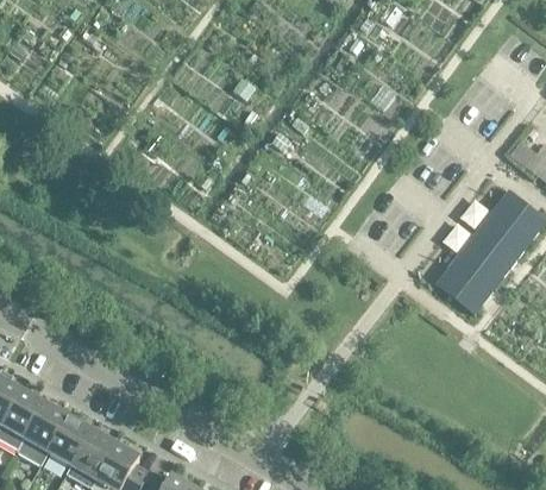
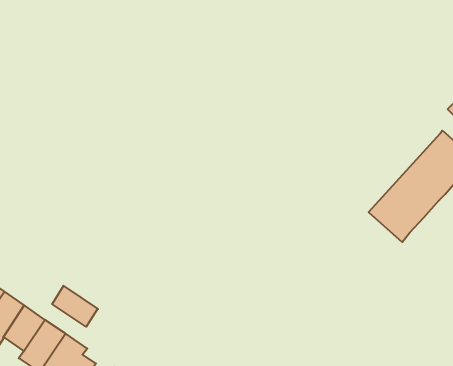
building: none -> [52,286,98,327]

